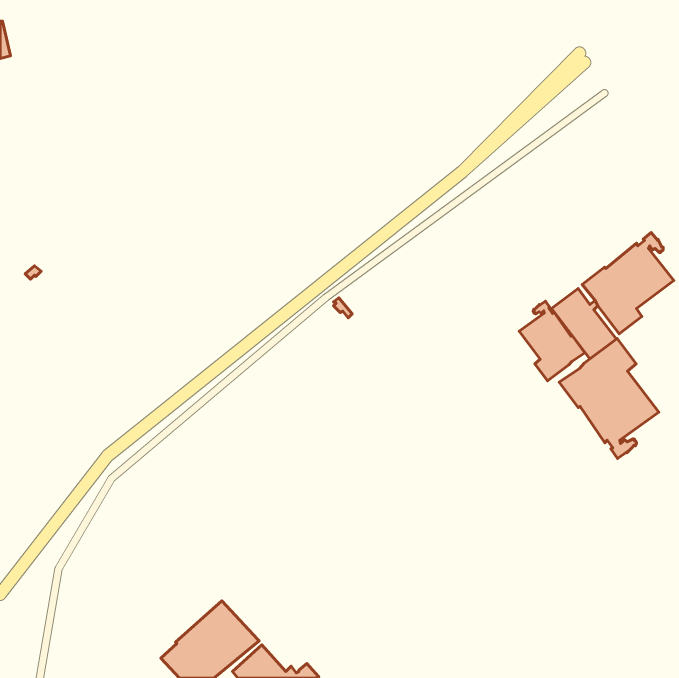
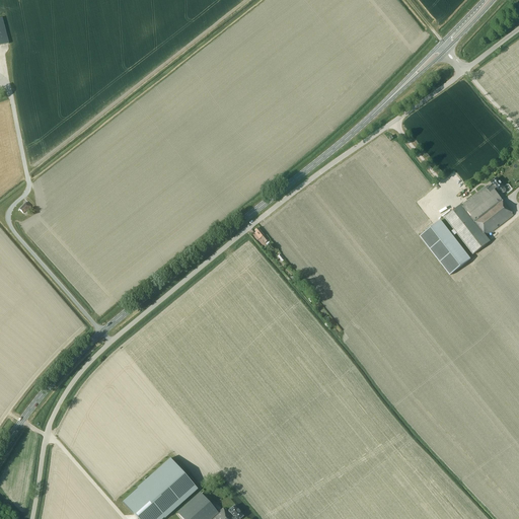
building: [519,301,585,381] -> none
building: [559,339,659,458] -> none

